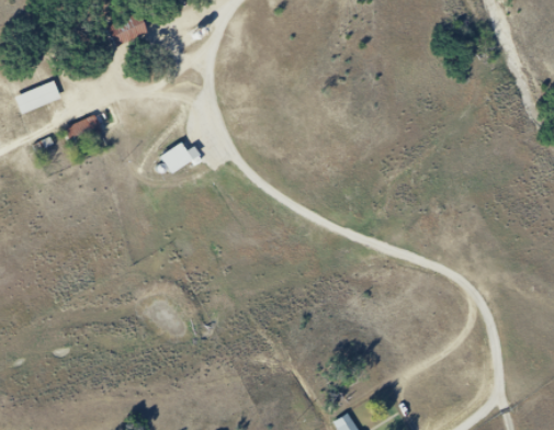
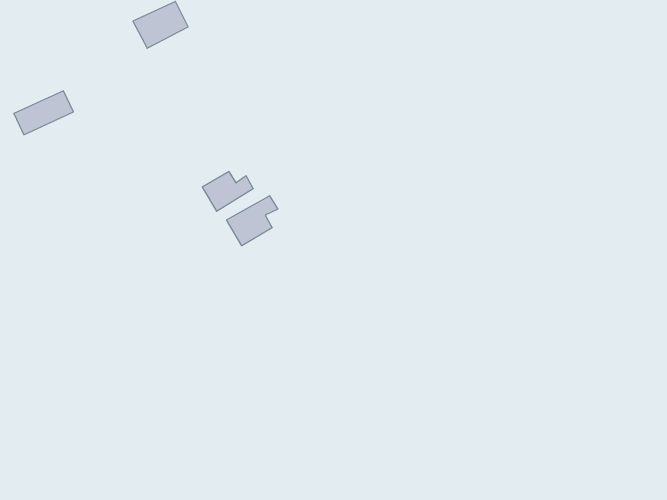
building: [65,114,100,143] -> none
building: none -> [227,196,278,246]

